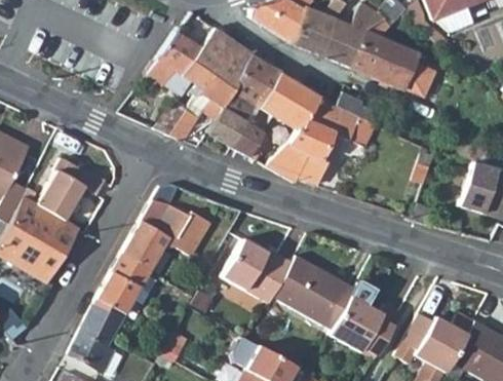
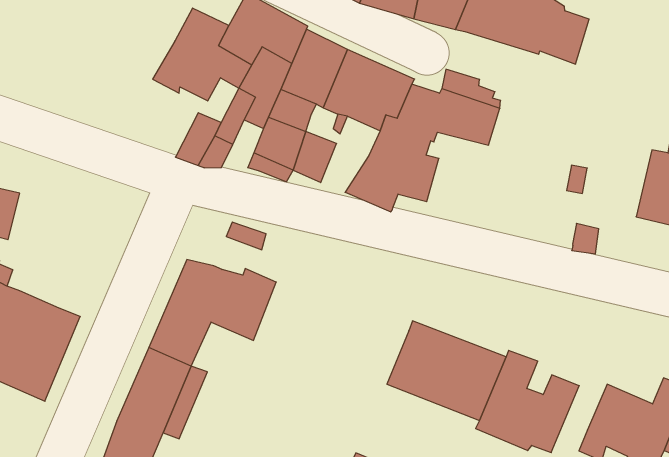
building: [40,168,105,222] -> none
building: [225,241,295,303] -> none

